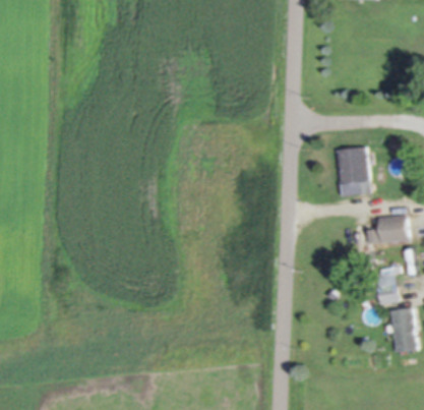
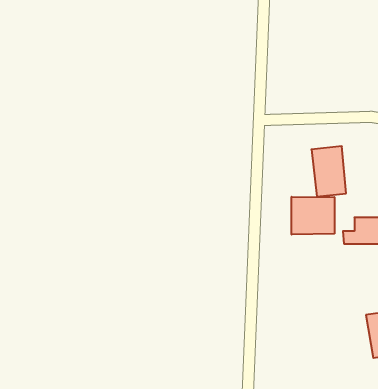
building: none -> [292,197,334,235]
building: [375,275,397,304] -> none

